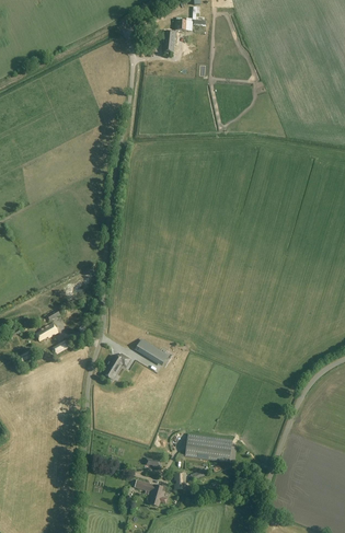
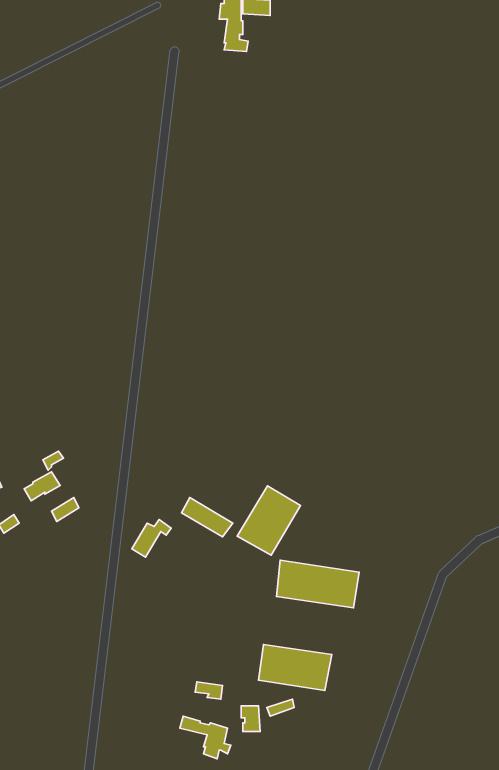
building: none -> [237,486,300,555]
building: none -> [276,560,359,608]

